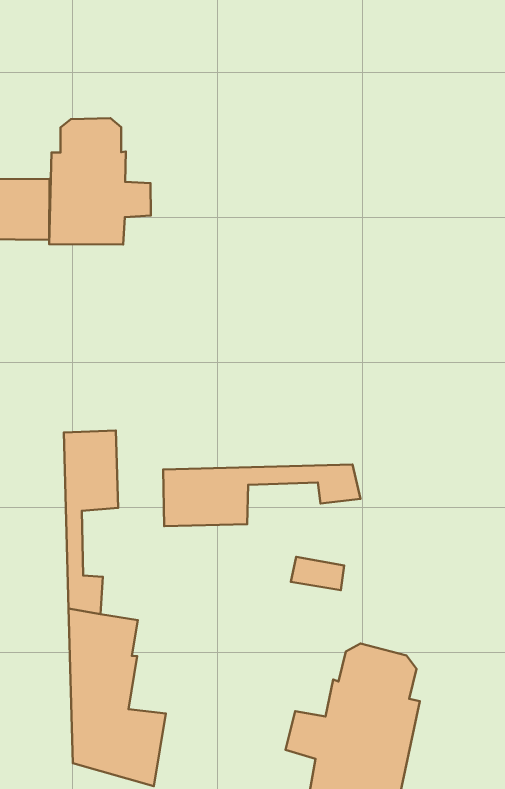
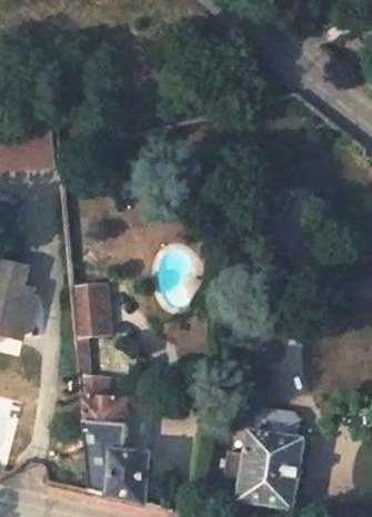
building: [49,118,151,244] -> none
building: [163,465,360,526] -> none

